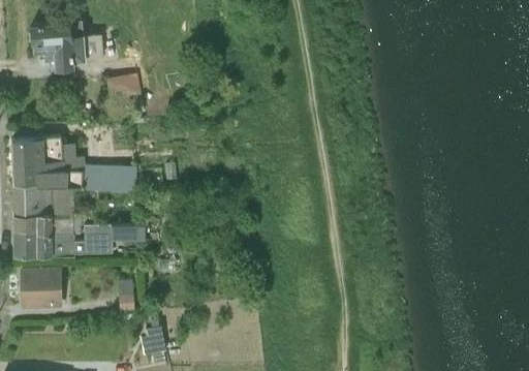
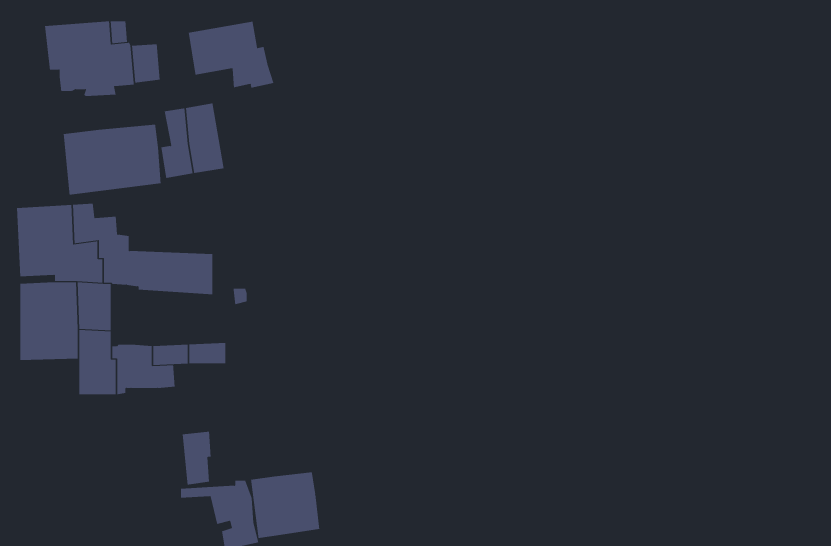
building: none -> [188,21,274,88]
building: none -> [63,124,161,195]
building: [13,235,51,258] -> none
building: [20,269,61,310] -> none
building: none -> [250,472,320,539]

